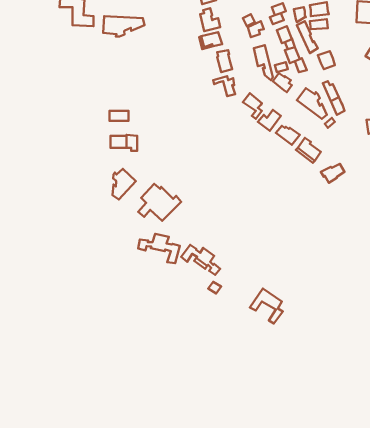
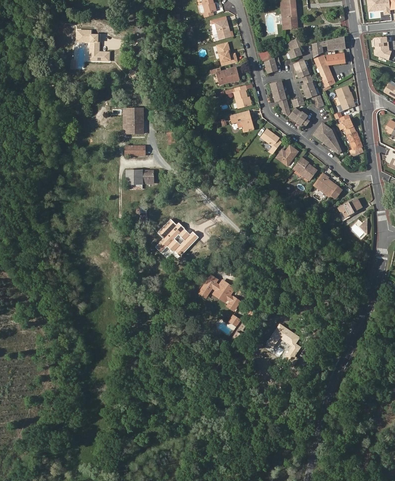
building: [103,16,145,37] -> none
building: none -> [127,109,143,133]
building: [113,169,136,199] -> none
building: [138,234,180,263] -> none

